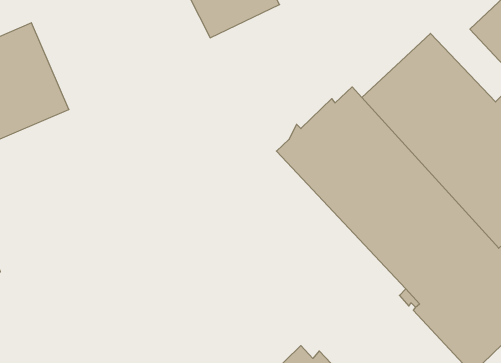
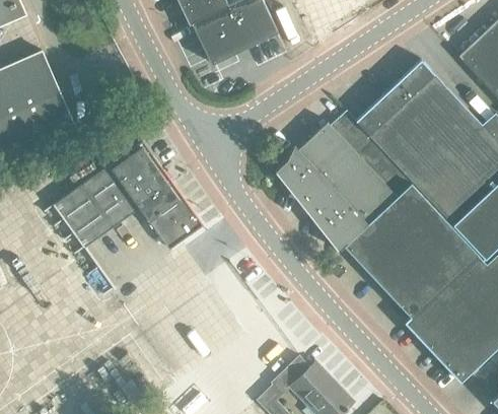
building: none -> [43,142,203,296]

